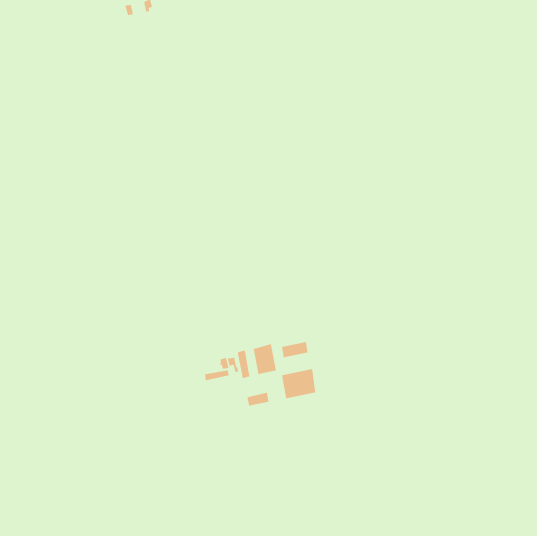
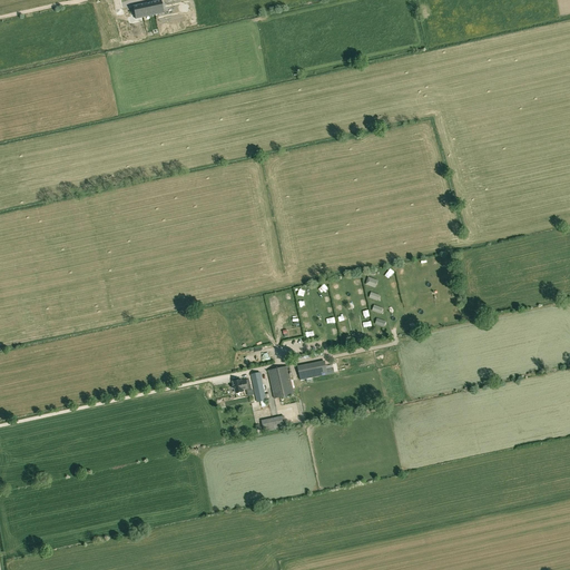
building: [281,368,316,399] -> none

